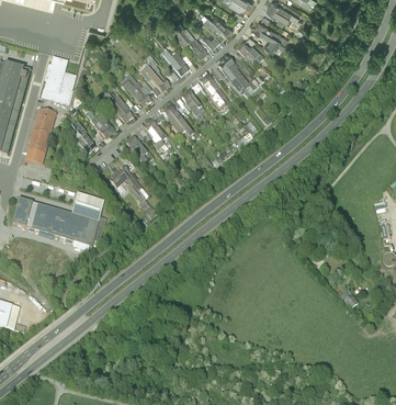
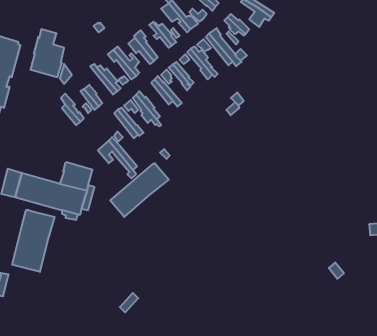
building: [24,110,55,166] -> none
building: none -> [110,163,169,217]
building: none -> [12,210,55,272]

